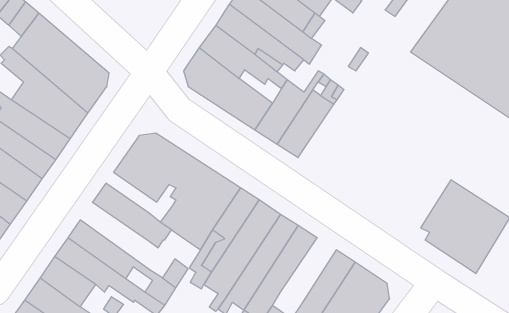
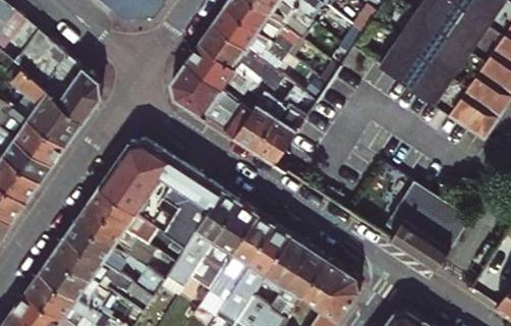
building: none -> [99,176,163,222]
building: none -> [75,204,144,266]
building: none -> [259,236,309,298]

